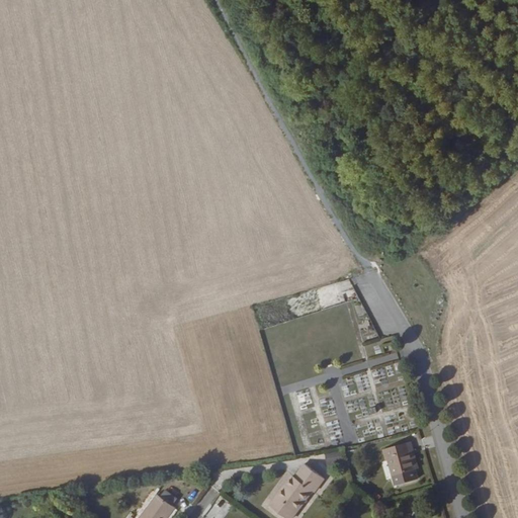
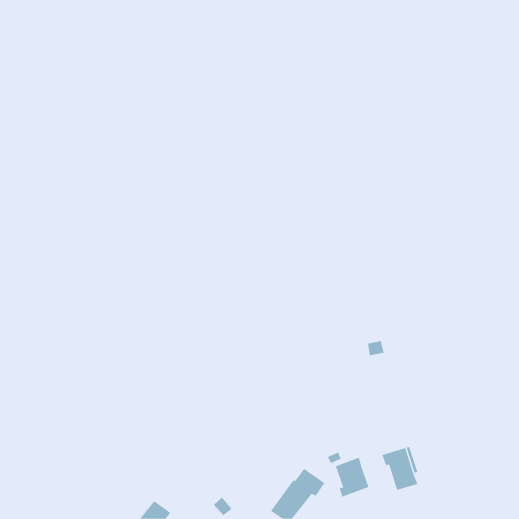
building: none -> [335,457,369,498]

